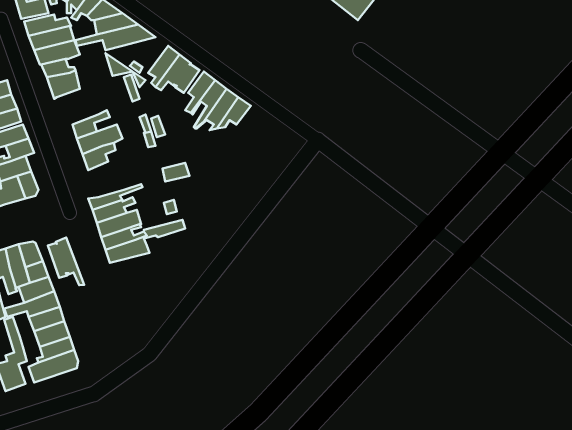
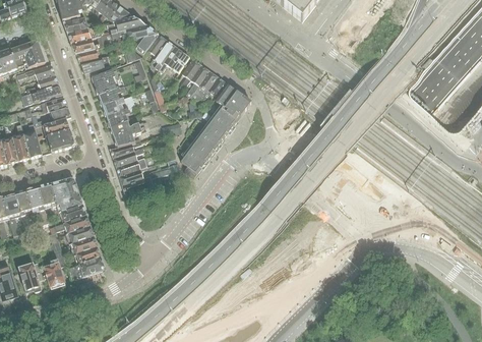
building: none -> [134,32,167,57]
building: none -> [92,68,117,94]
building: none -> [181,83,251,176]
building: none -> [110,119,142,146]
building: [48,238,84,285] -> none

